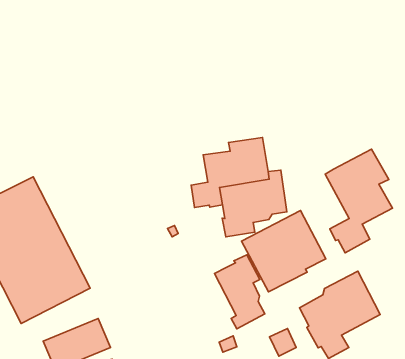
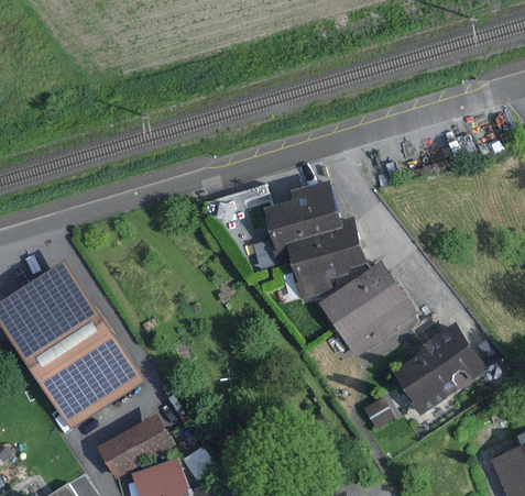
building: [325,149,393,253] -> none
building: [214,255,265,329] -> none

